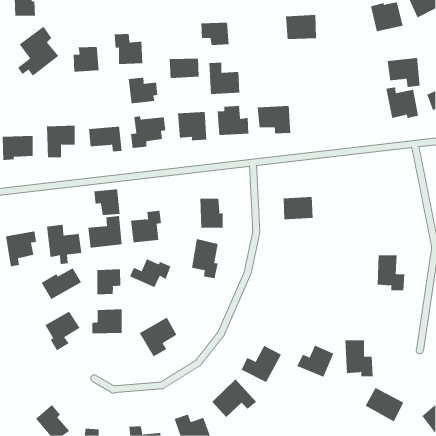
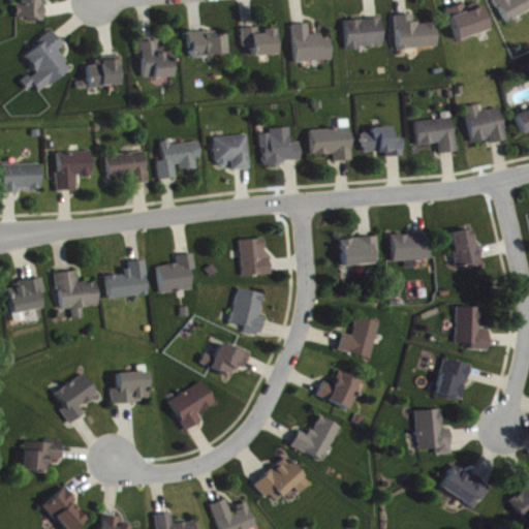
building: none -> [395,14,436,49]
building: [387,58,420,88] -> [415,117,456,153]
building: [169,58,200,79] -> [189,31,226,56]
building: [208,62,240,95] -> [292,23,331,62]
building: [128,77,158,104] -> none
building: none -> [361,126,402,156]
building: [94,188,120,216] -> none
building: none -> [449,228,480,267]
building: none -> [392,232,430,259]
building: [129,259,171,288] -> [199,342,250,377]
building: none -> [338,316,378,357]
building: [41,268,82,300] -> none
building: [97,268,121,295] -> none
building: none -> [435,359,469,400]
building: [296,345,334,377] -> [316,370,362,409]
building: none -> [22,440,61,471]

